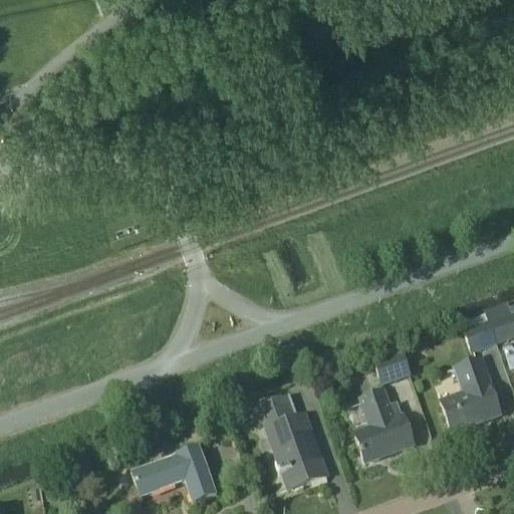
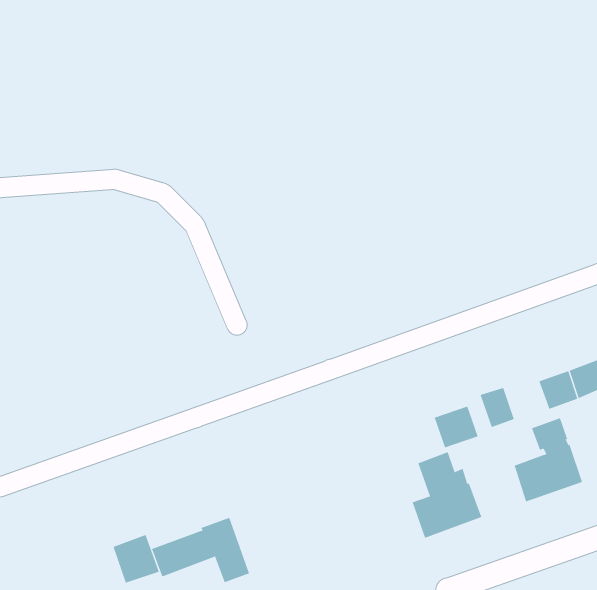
building: none -> [480,387,514,428]
building: [252,394,327,485] -> none
building: none -> [113,534,160,583]

